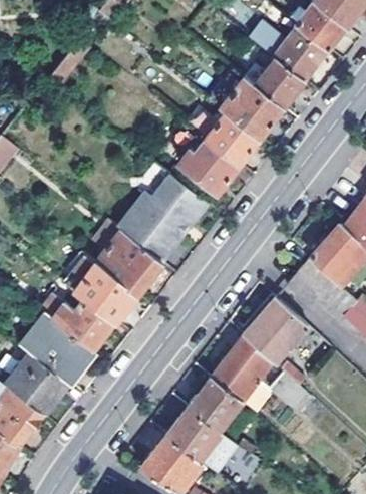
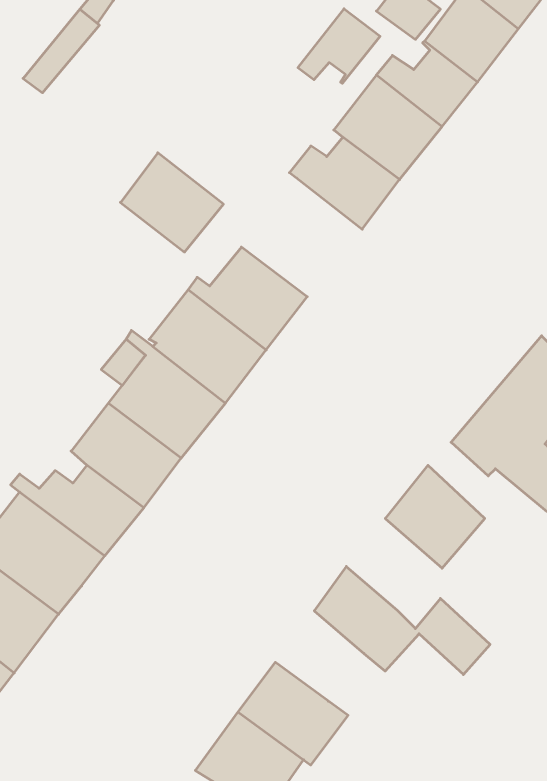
building: none -> [298,9,380,83]
building: [181,135,240,191] -> [120,153,223,252]
building: [231,337,273,380] -> none
building: [191,380,241,431] -> none

